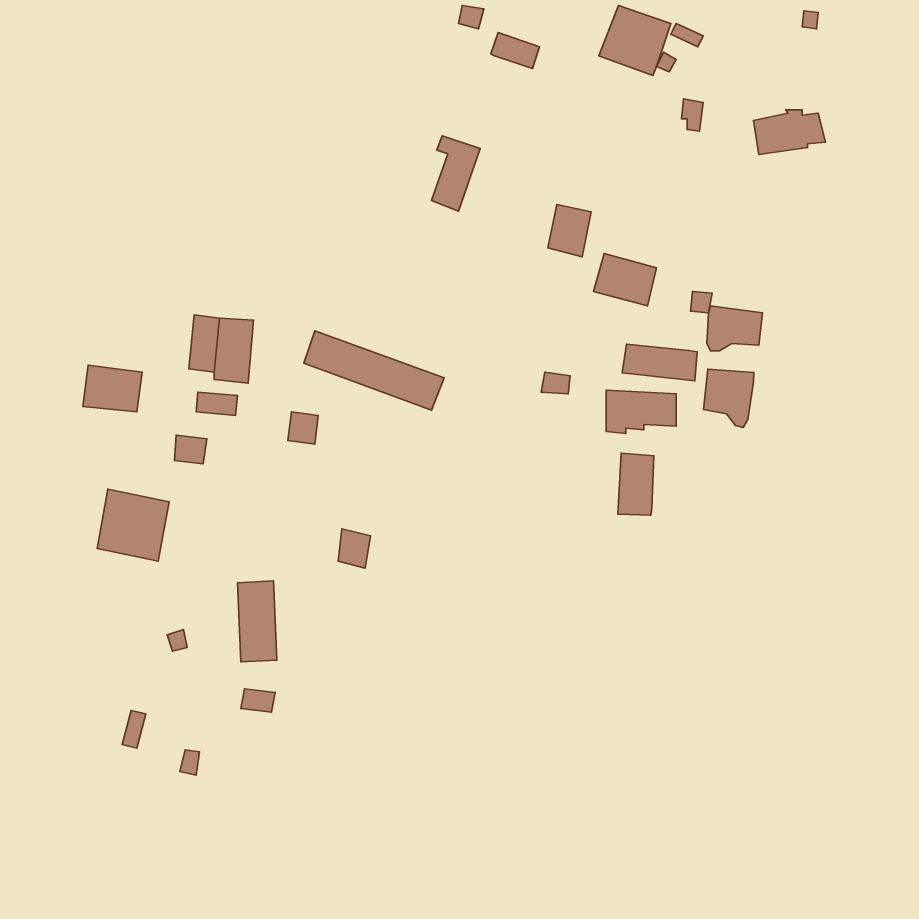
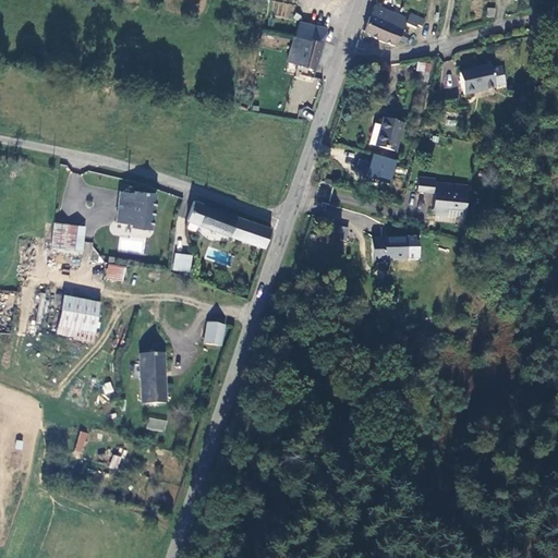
building: [432,136,480,211] -> [293,34,323,80]
building: [548,205,591,257] -> [375,120,401,151]
building: [622,344,697,381] -> none
building: [703,369,754,428] -> none
building: [618,453,654,515] -> none

